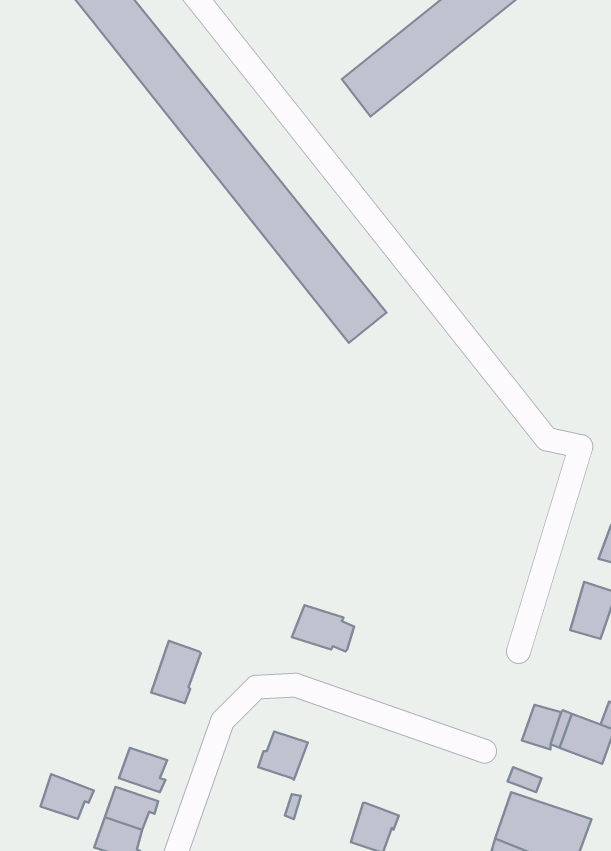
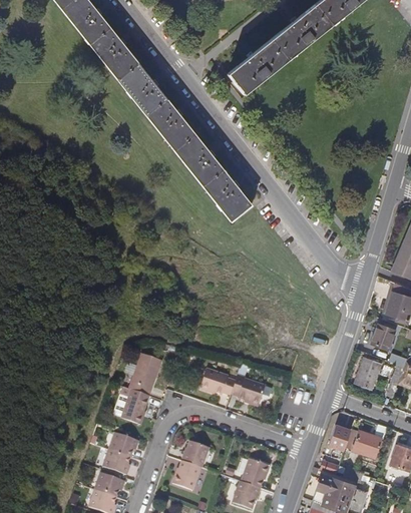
building: none -> [129,355,161,396]
building: none -> [231,376,265,406]
building: none -> [241,458,269,488]
building: none -> [171,461,199,490]
building: [40,774,94,819] -> [108,432,138,457]

